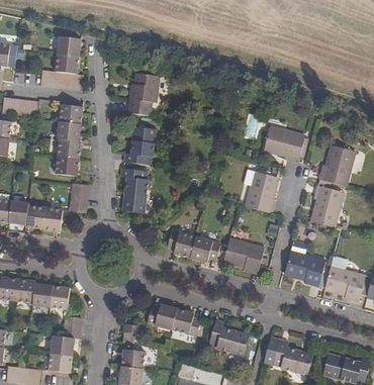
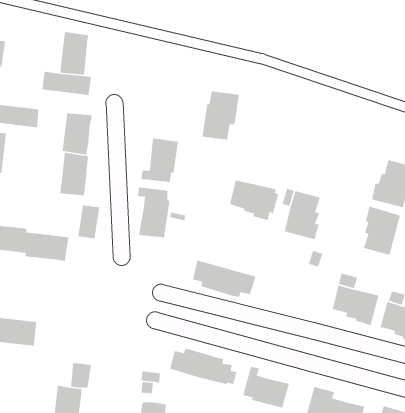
building: [127,73,160,115] -> [202,90,240,141]
building: [264,126,306,162] -> [229,179,279,221]
building: [223,237,264,274] -> none
building: [32,284,70,309] -> none

